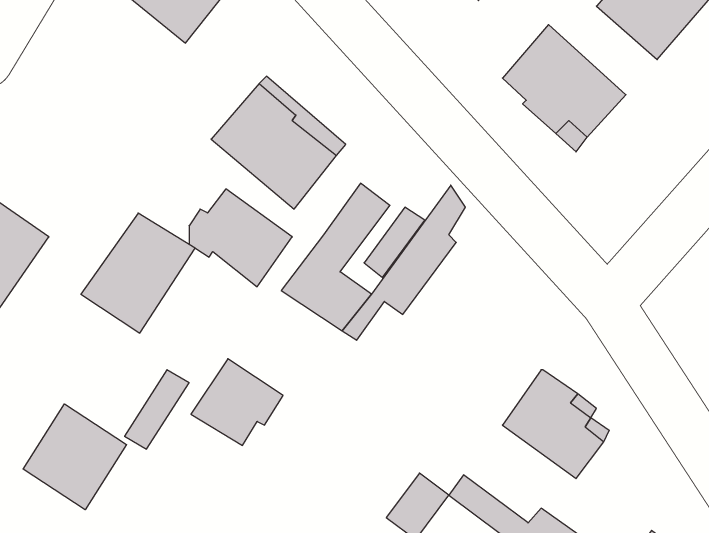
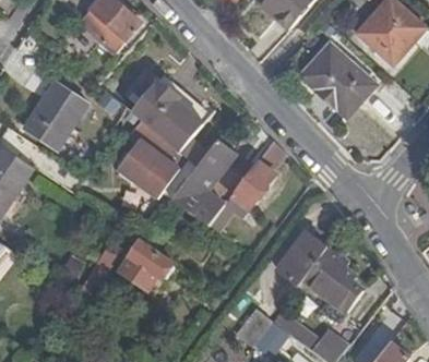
building: [81,213,195,333] -> [22,82,90,153]
building: none -> [276,232,325,286]
building: [23,404,127,510] -> none

